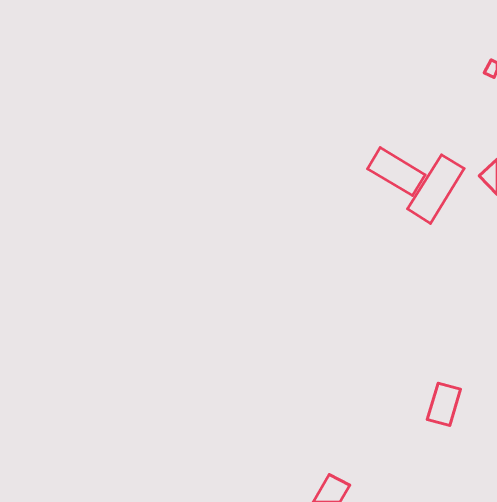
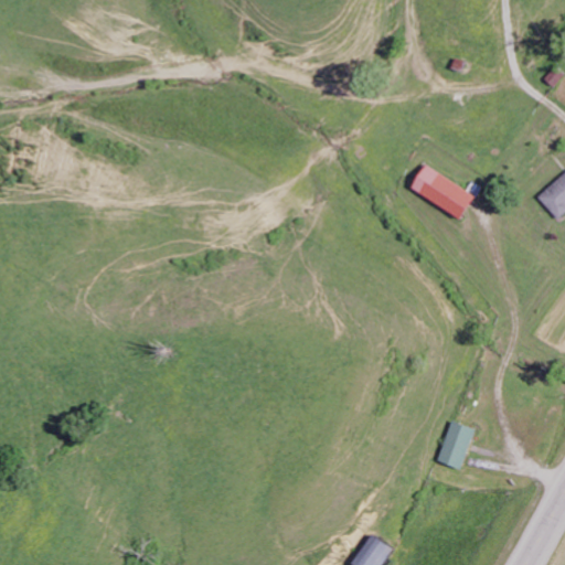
building: [407,155,464,223] -> none
building: [427,383,461,426] -> [436,420,473,468]

